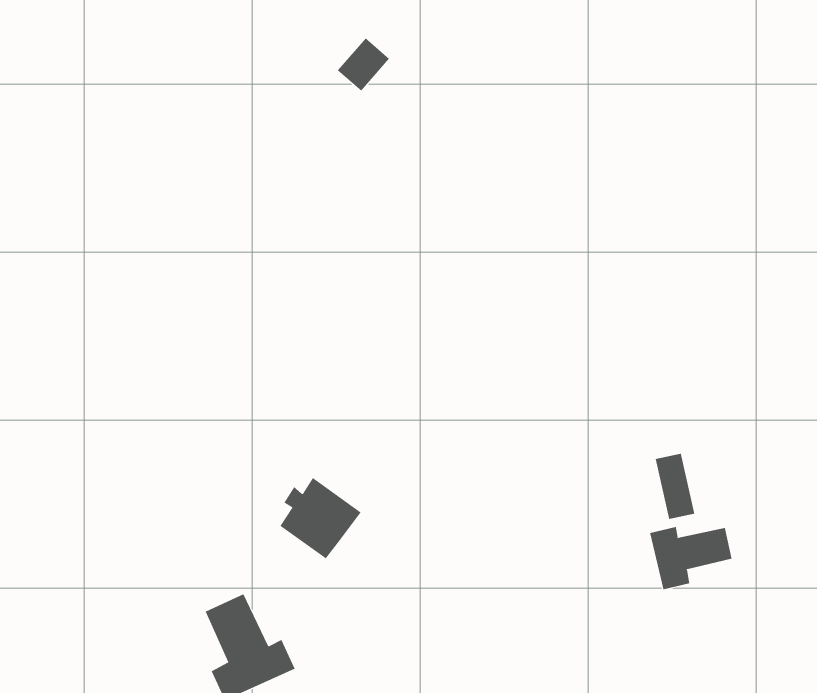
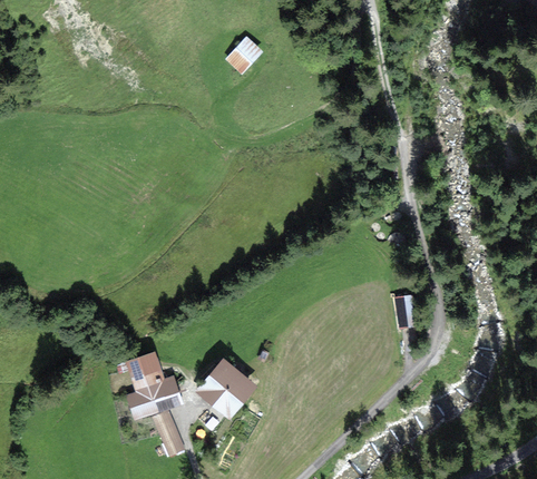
building: [279,477,361,559] -> [204,363,252,411]
building: [650,526,732,590] -> none

